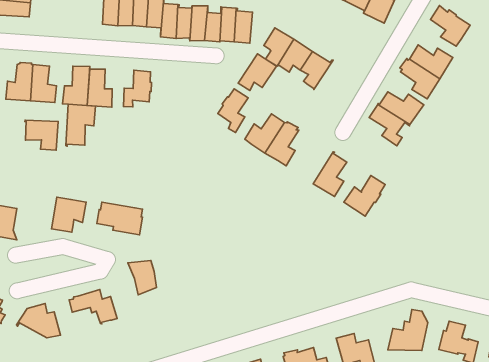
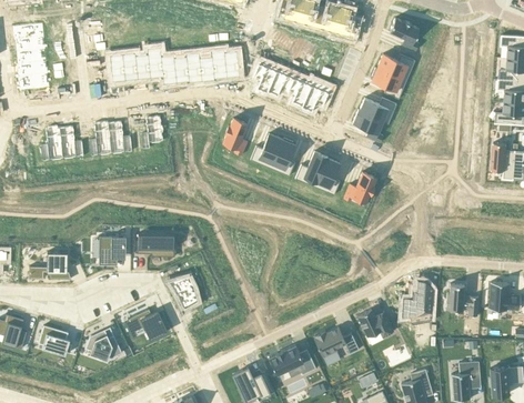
building: [238,54,276,91] -> [302,80,332,112]
building: [66,104,95,146] -> none
building: [25,120,58,150] -> none
building: none -> [296,152,328,188]

